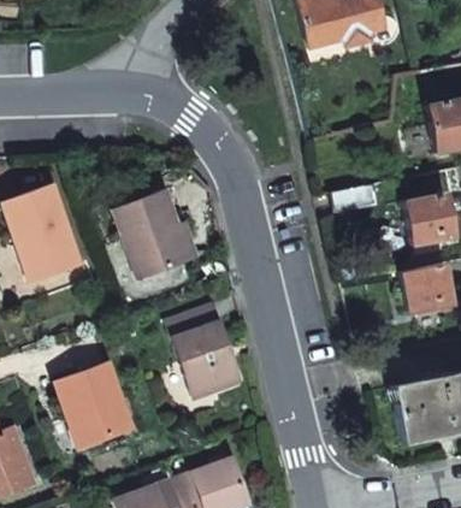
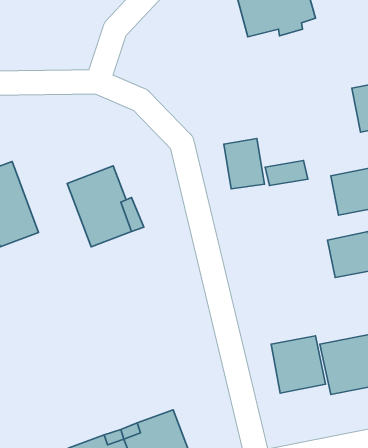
building: none -> [224,139,265,189]
building: [167,307,240,397] -> none
building: [55,362,131,444] -> none
building: none -> [271,336,326,393]

